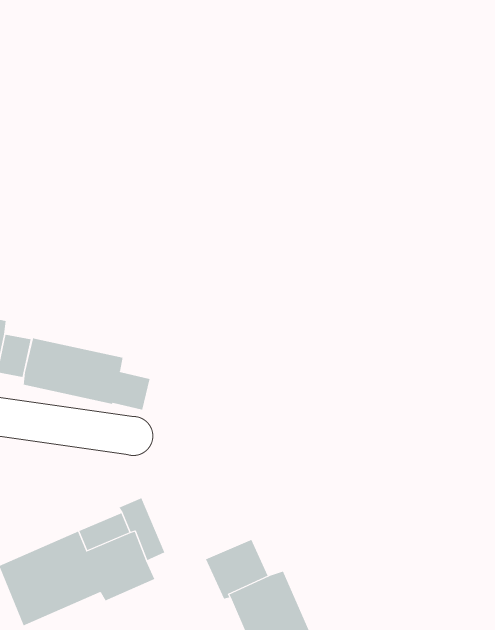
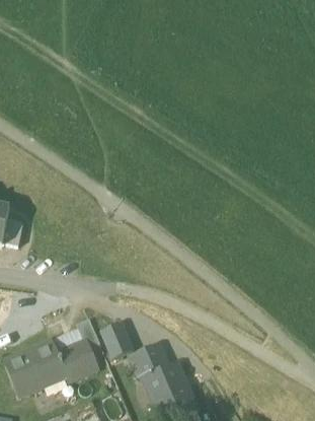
building: [23,337,150,411] -> none
building: none -> [100,321,133,358]

